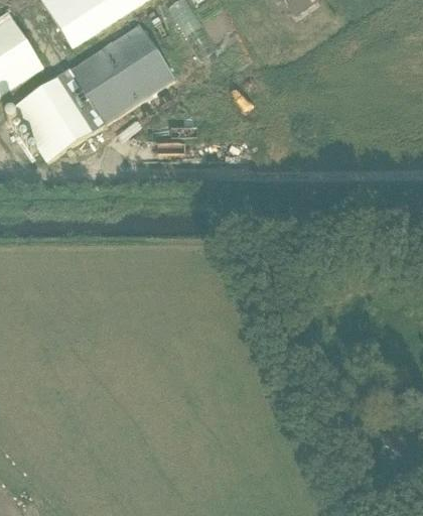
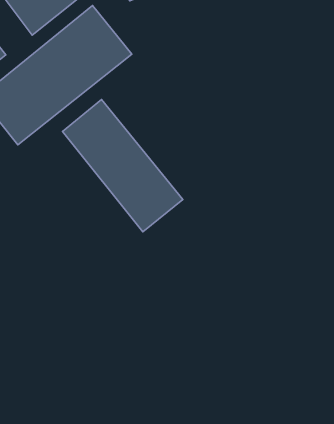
building: none -> [62,100,183,232]

